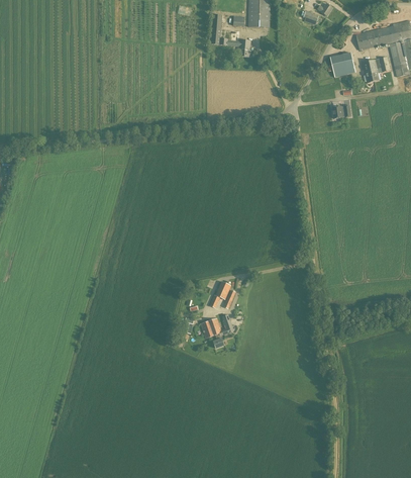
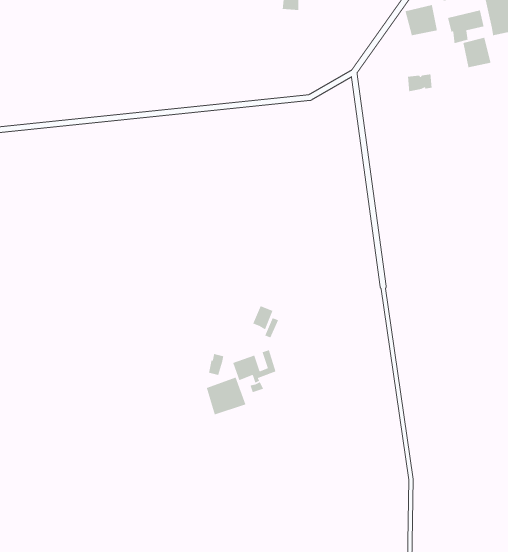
building: none -> [463,37,491,68]
building: none -> [206,376,247,415]

